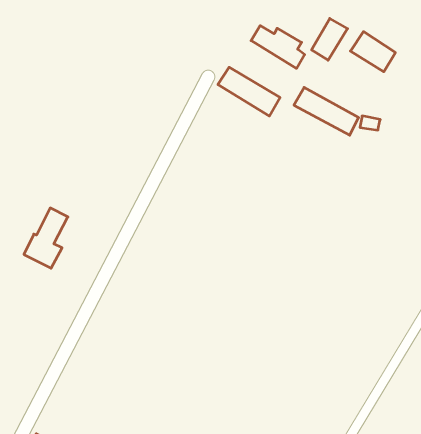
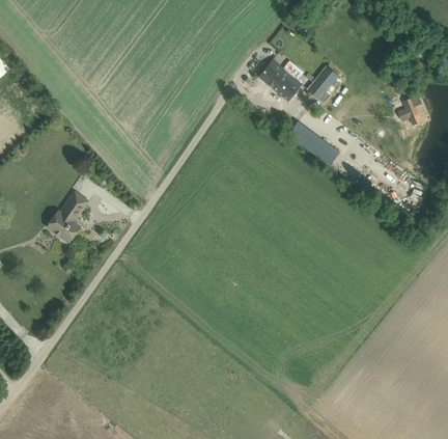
building: [350,32,395,72] -> none
building: [218,67,280,116] -> none

